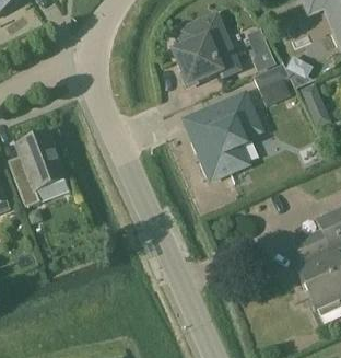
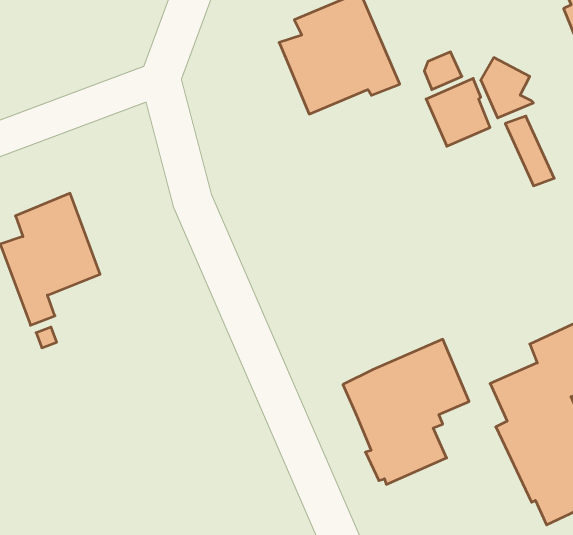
building: [186,93,259,177] -> [343,339,469,484]

